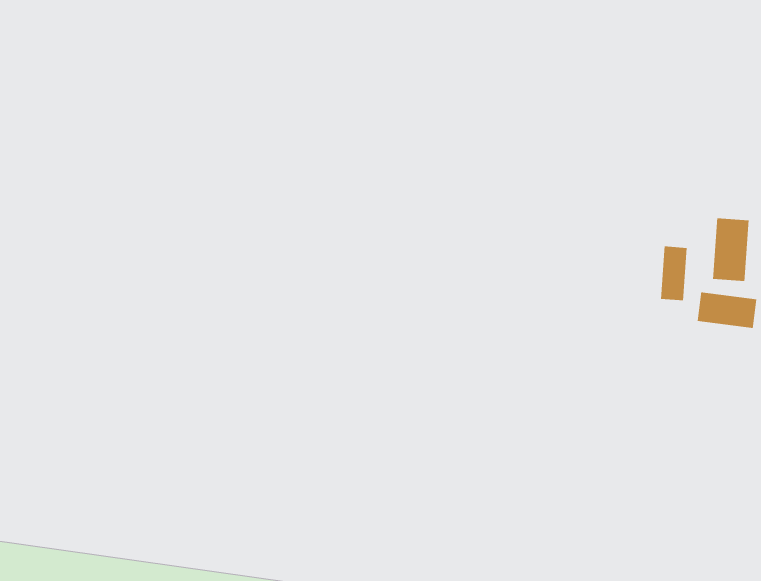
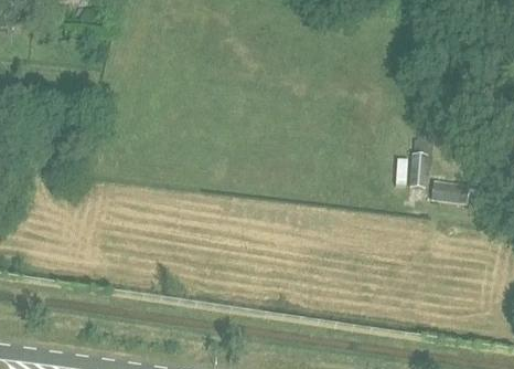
building: [713,217,749,282] -> none

